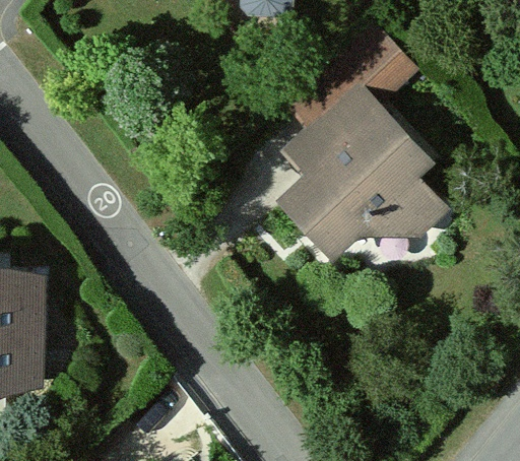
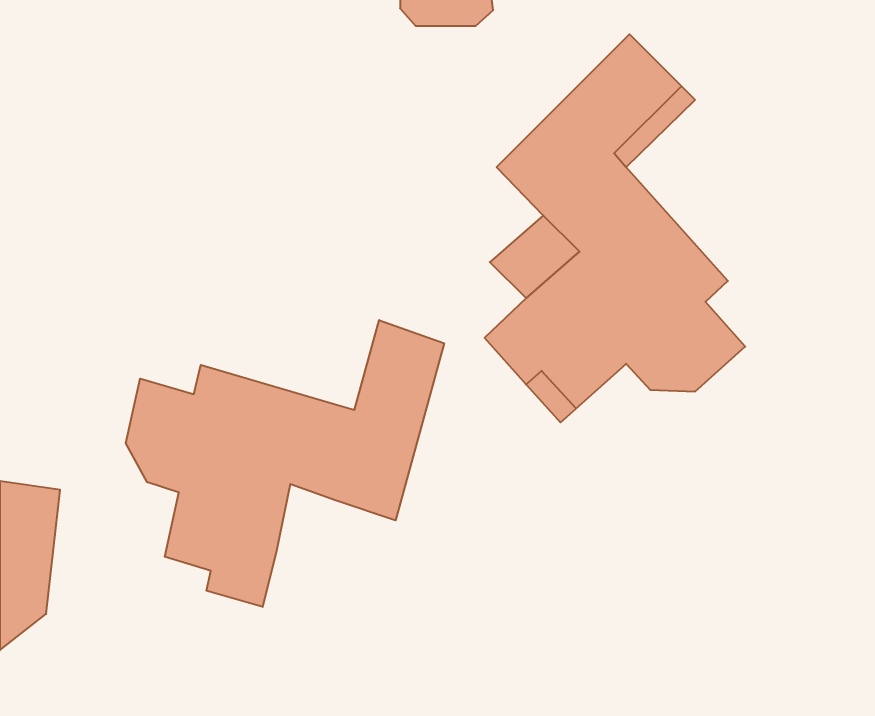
building: none -> [126,320,444,607]

